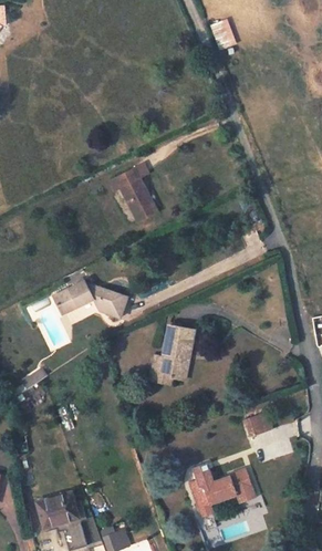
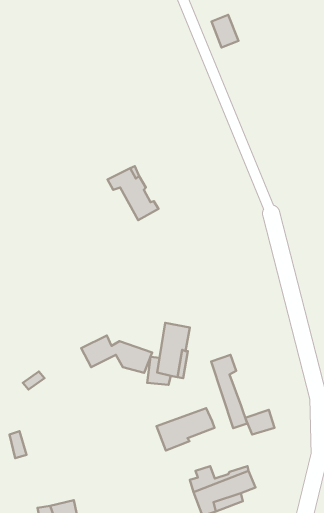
building: [61,281,131,318] -> [81,336,152,373]
building: none -> [211,355,247,428]
building: none -> [156,408,215,451]

